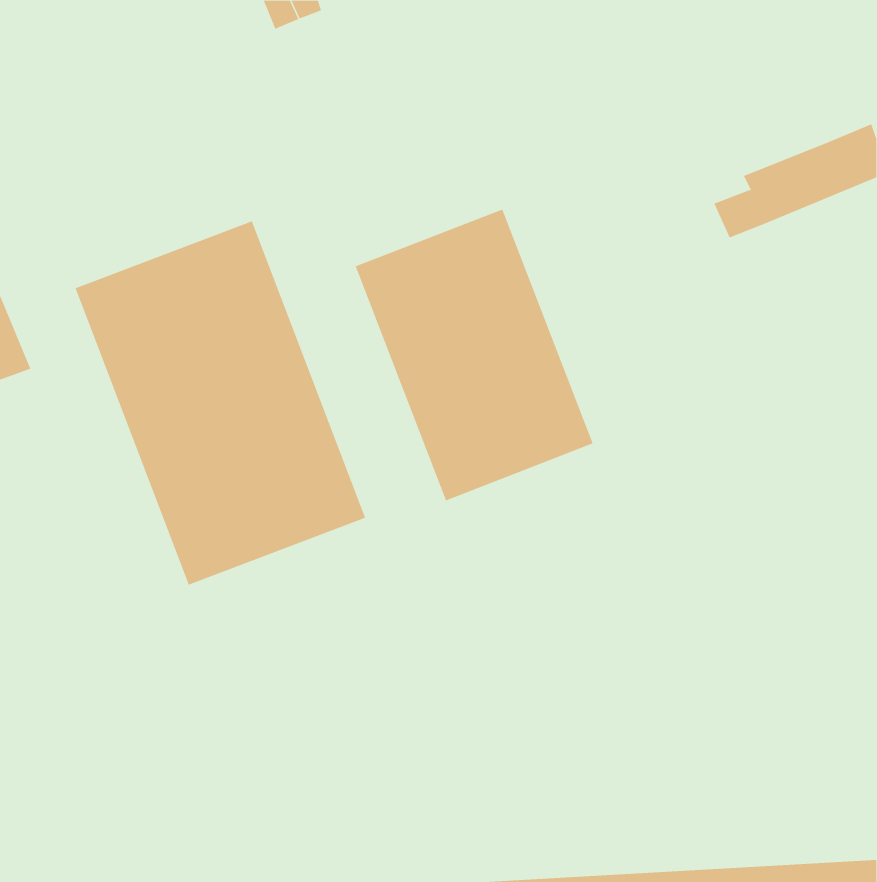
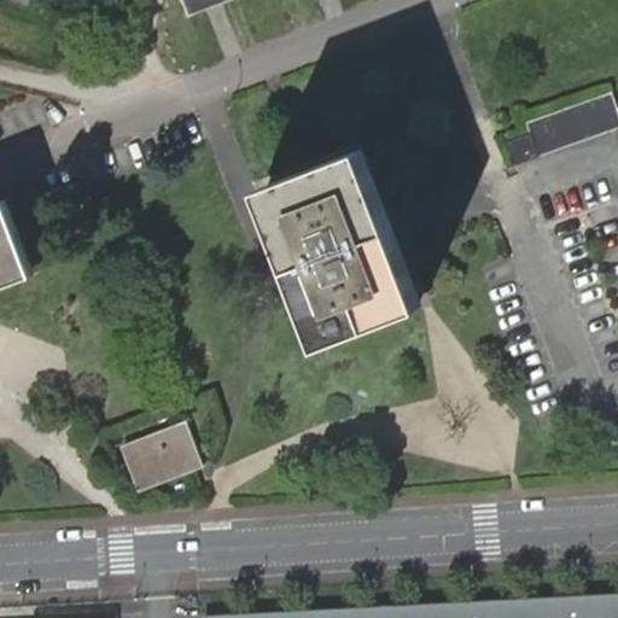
building: [75,221,366,585] -> none
building: none -> [110,426,193,492]

